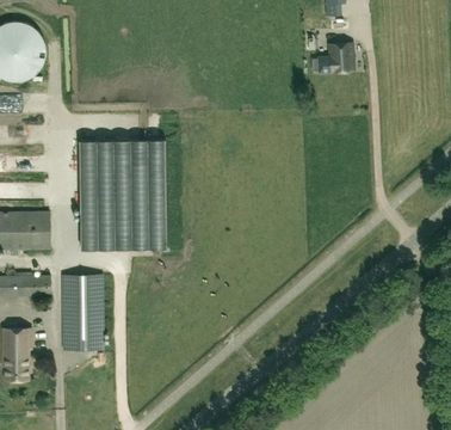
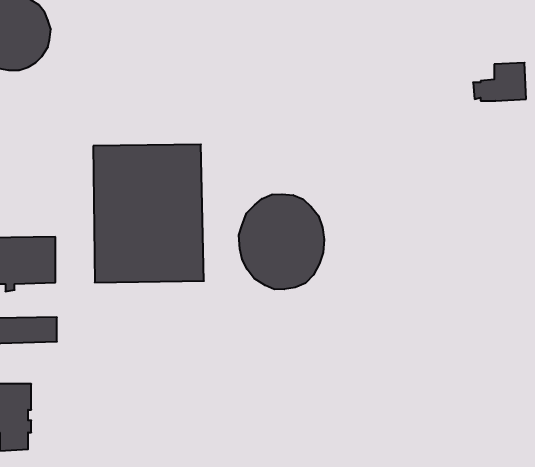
building: [311,43,353,73] -> [473,63,526,101]
building: none -> [239,194,324,289]
building: [62,275,103,350] -> none

